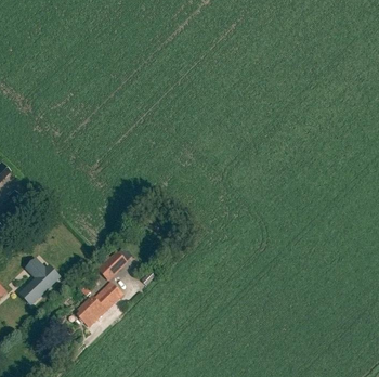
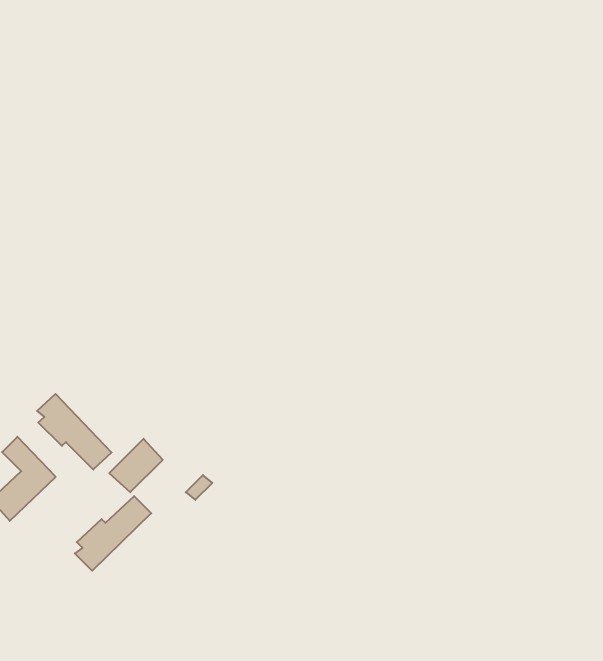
building: none -> [37,394,112,470]

